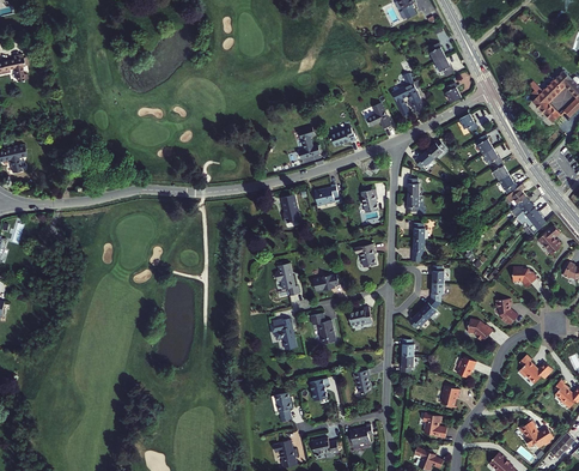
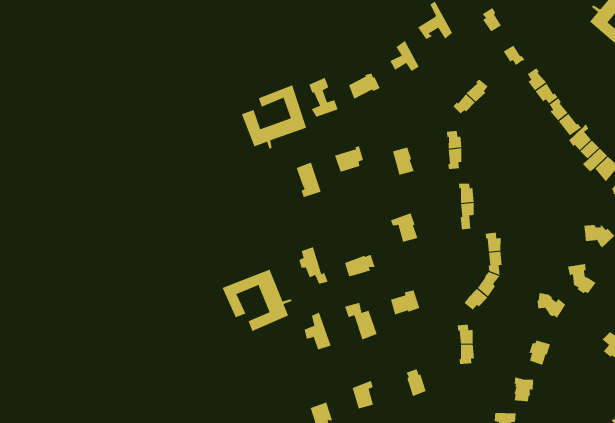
building: none -> [241,84,307,150]
building: none -> [222,269,293,332]

